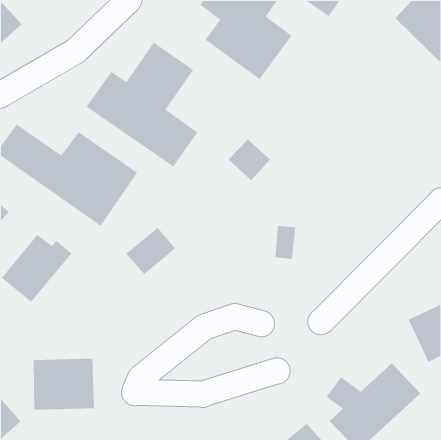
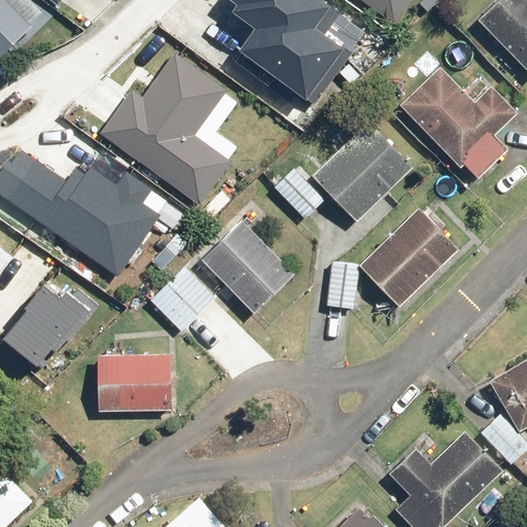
building: none -> [396,69,515,185]
building: none -> [309,118,411,219]
building: none -> [361,215,453,307]
building: none -> [200,224,292,315]
building: [33,358,95,411] -> [93,351,167,414]

